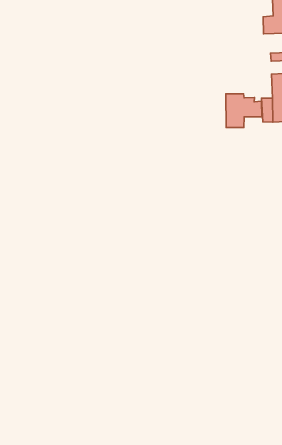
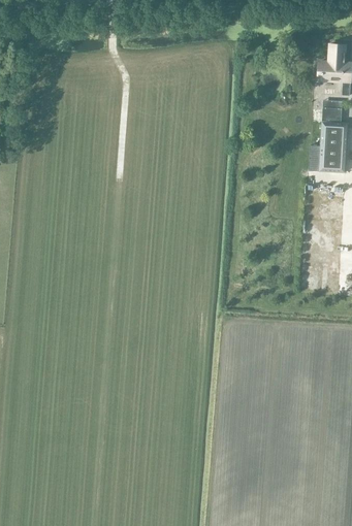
building: [226,94,262,127] -> none

